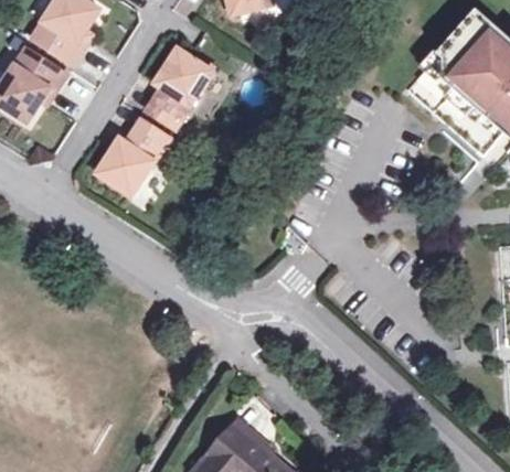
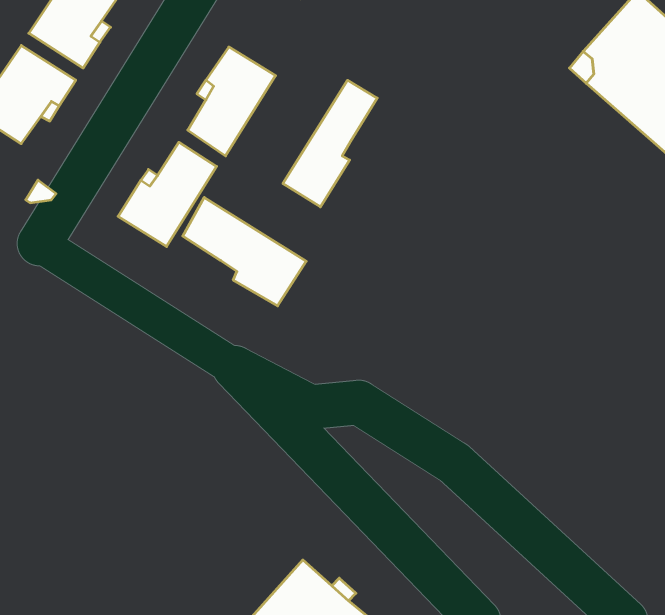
building: none -> [283,80,377,207]
building: none -> [183,197,306,306]

